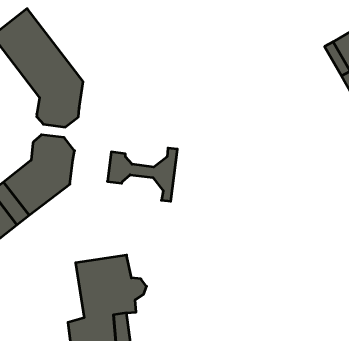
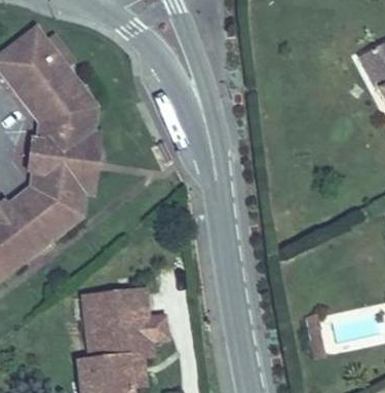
building: [107,148,177,201] -> [25,130,101,188]

